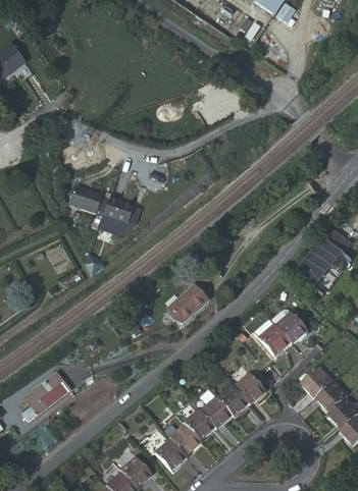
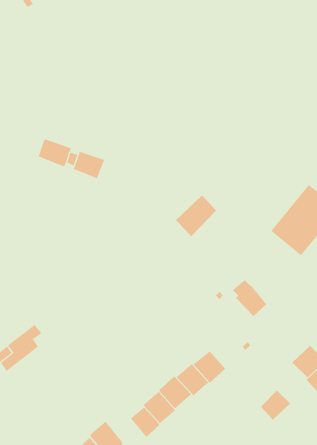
building: [166,278,206,319] -> [175,195,217,237]
building: [270,311,305,344] -> none
building: [300,370,329,399] -> [260,390,291,421]
building: [236,376,265,406] -> none

